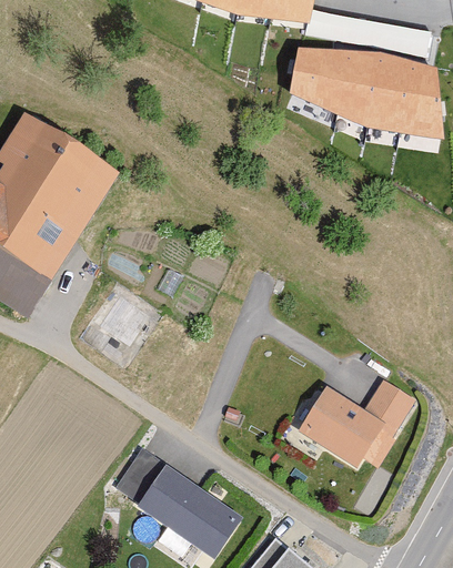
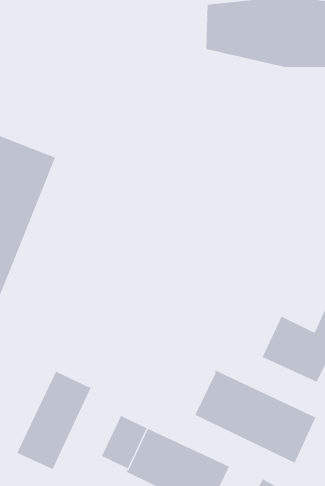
building: none -> [16,371,92,470]
building: none -> [194,369,316,463]

